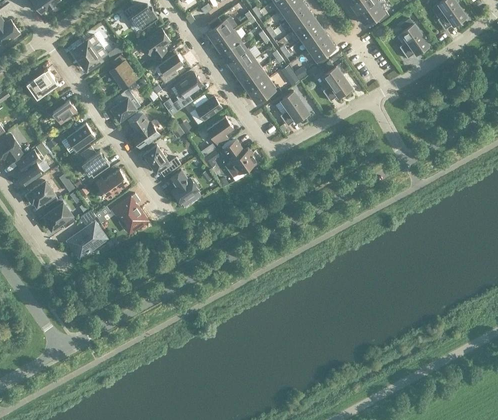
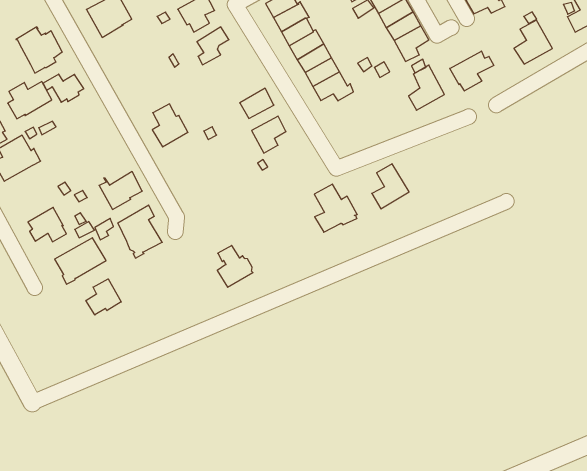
building: none -> [450,51,494,91]
building: [110,56,135,86] -> none
building: [174,73,201,106] -> none
building: [111,89,139,120] -> none
building: [279,91,307,126] -> [372,164,409,209]
building: [61,123,94,153] -> [8,82,52,119]
building: [222,140,256,177] -> [314,184,357,232]
building: [143,145,180,176] -> none
building: [80,146,109,175] -> none
building: [170,171,198,203] -> [217,245,253,287]
building: [27,181,56,206] -> none
building: none -> [86,279,121,315]

